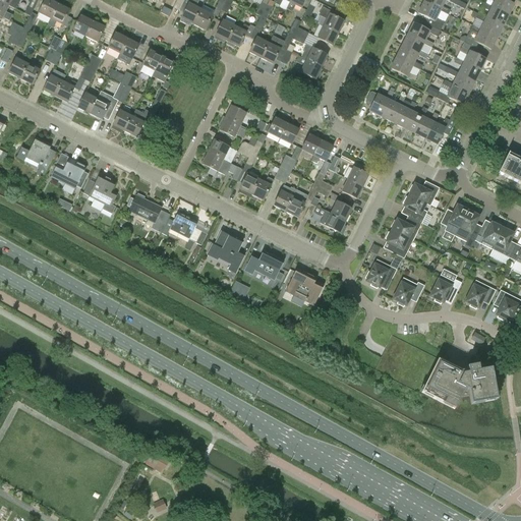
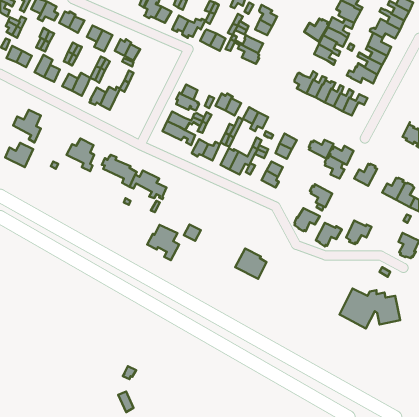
building: none -> [304,19,329,41]
building: [51,158,85,188] -> [5,143,33,167]
building: [457,210,480,239] -> none
building: [391,217,421,240] -> [309,140,333,159]
building: [206,229,245,273] -> [147,225,179,260]
building: [244,248,284,278] -> none
building: [285,267,324,304] -> [235,248,266,279]
building: [464,279,496,308] -> none

